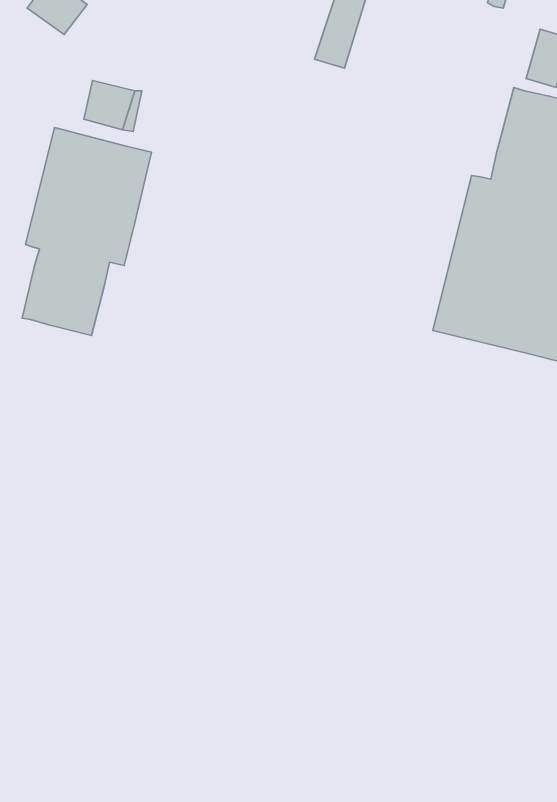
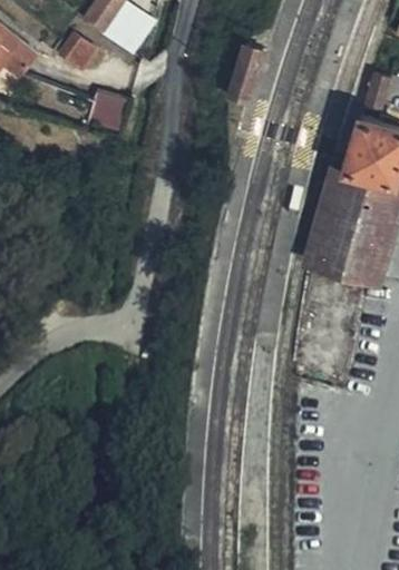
building: [22,128,152,335] -> none

